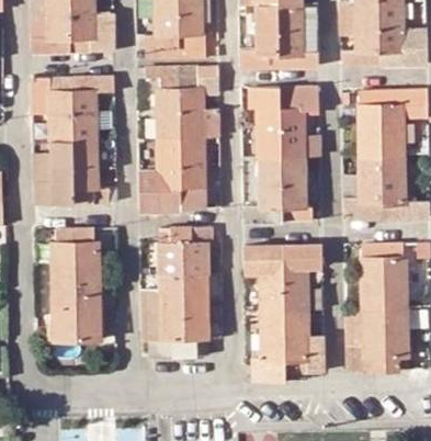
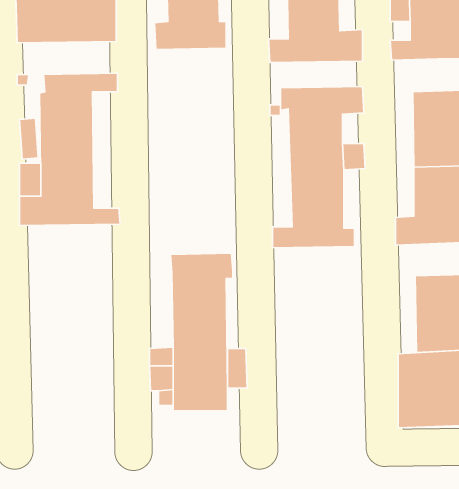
building: [138,66,219,210] -> none
building: [54,229,100,355] -> none
building: [243,245,324,381] -> none

